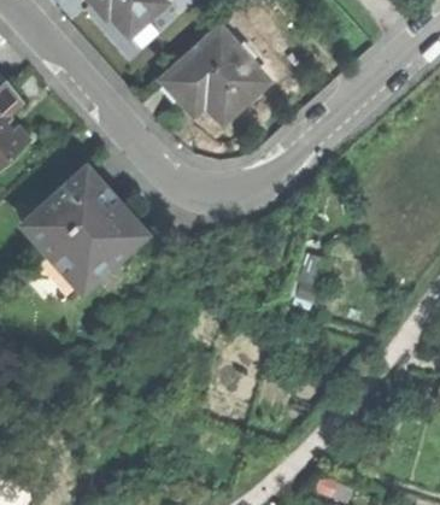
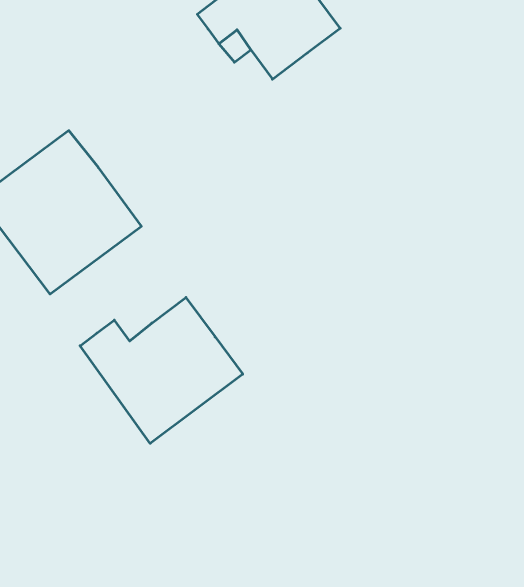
building: none -> [80,297,243,443]

